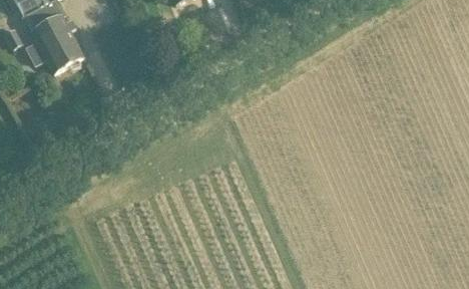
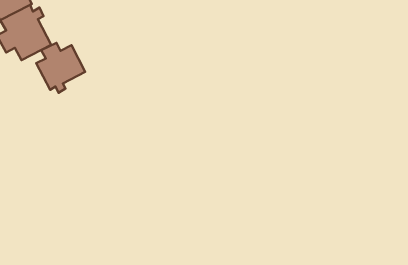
building: none -> [36,43,85,93]

